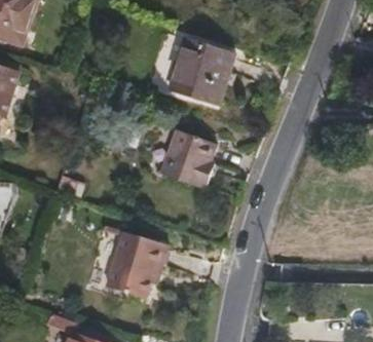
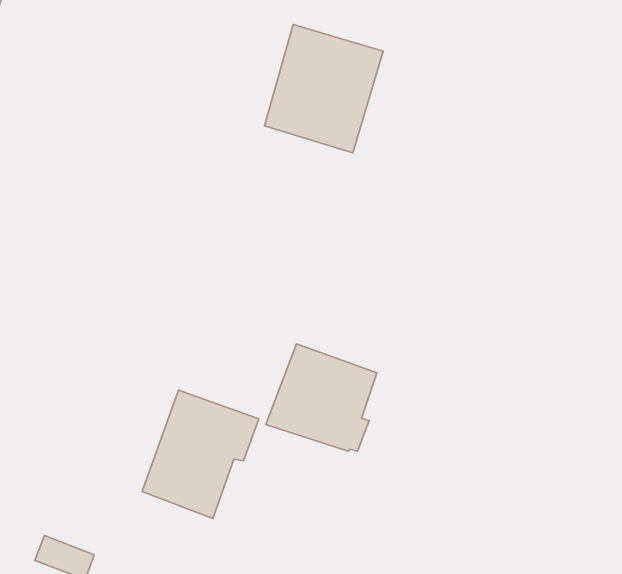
building: [161,132,221,190] -> [266,344,377,451]

